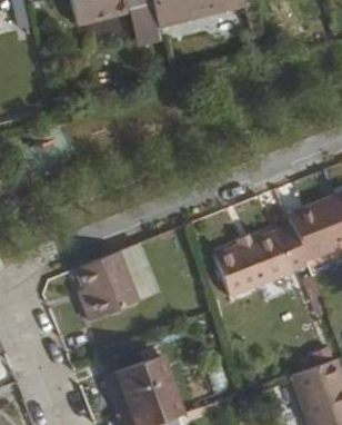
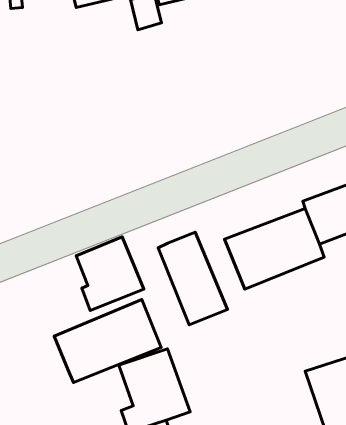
building: none -> [158,232,227,325]
building: none -> [54,299,161,383]

